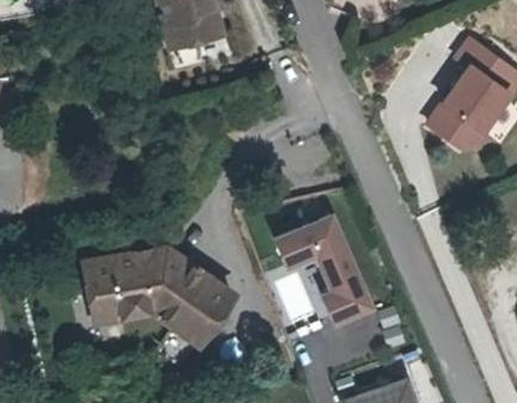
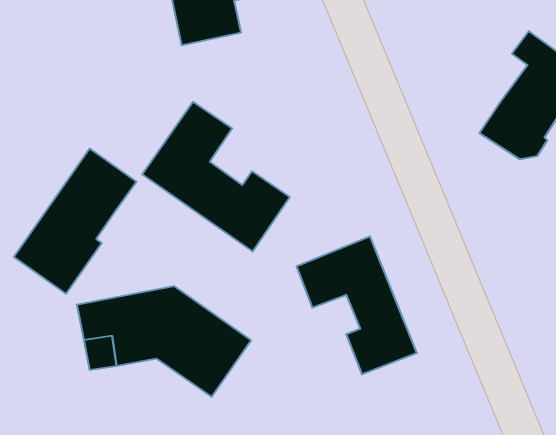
building: none -> [142,102,290,252]
building: none -> [14,149,136,294]

